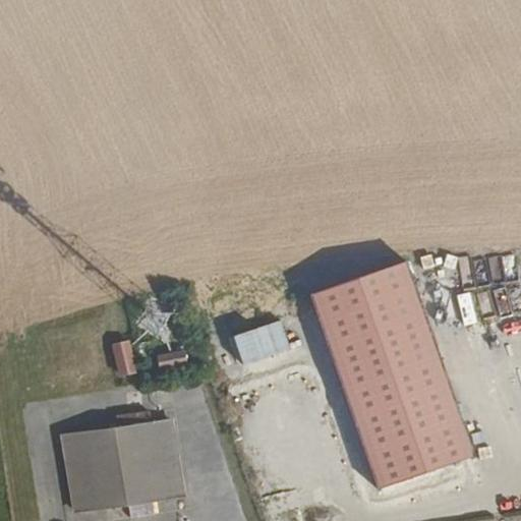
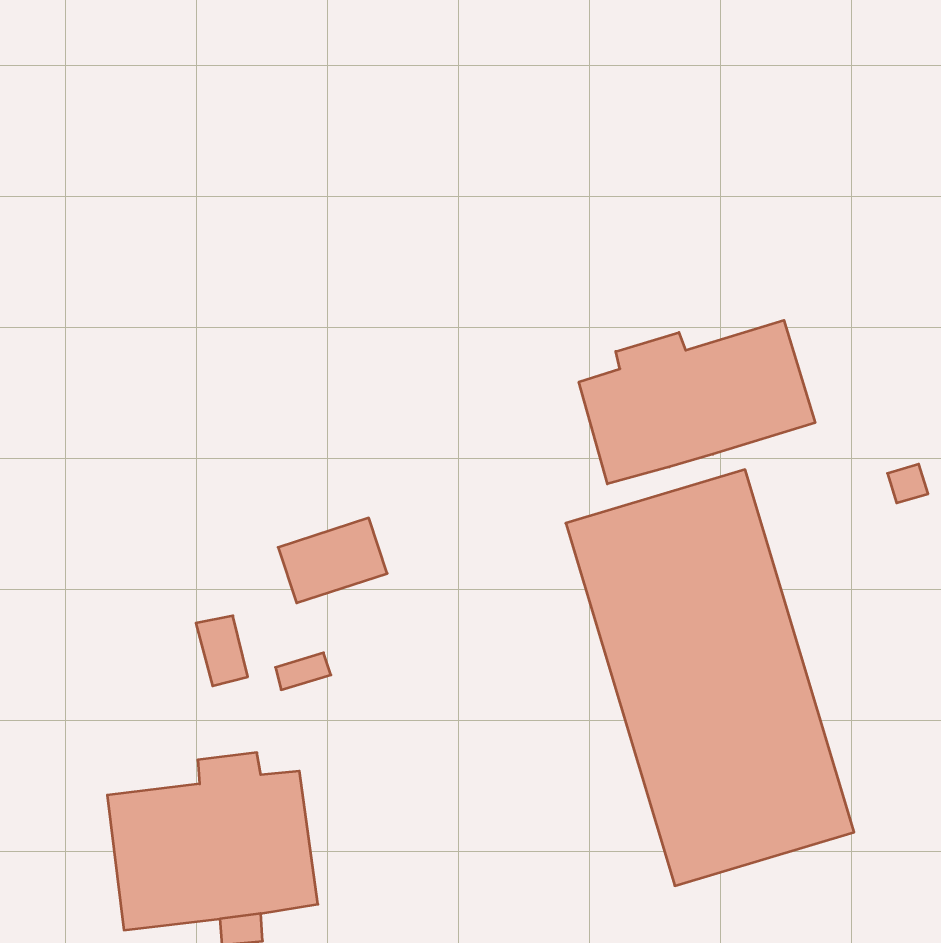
building: none -> [579,320,815,484]
building: [231,320,291,366] -> [278,518,387,603]

